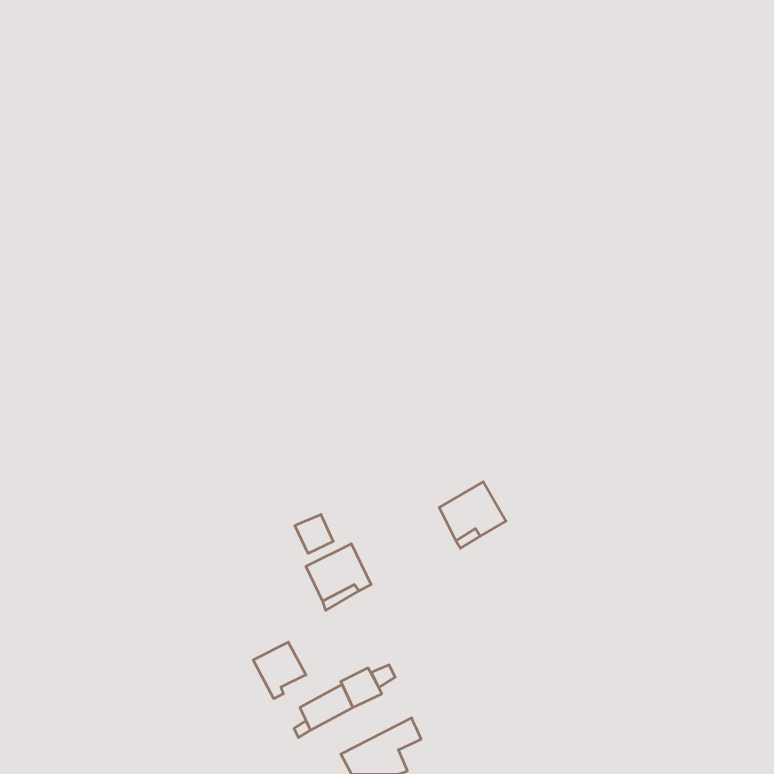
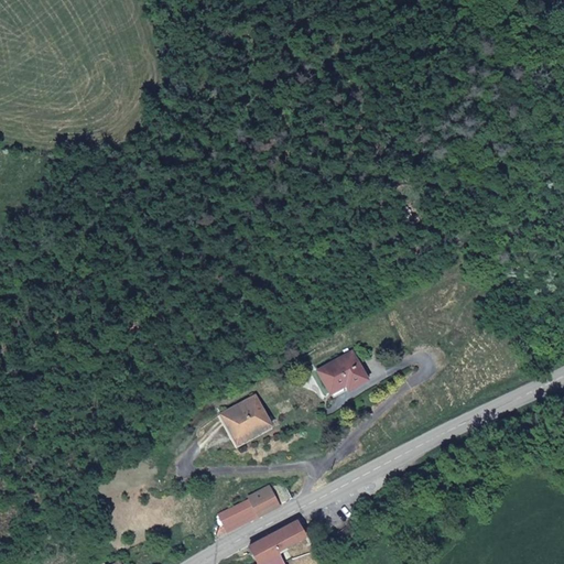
building: [295,514,333,553] -> none
building: [253,642,306,699] -> none

